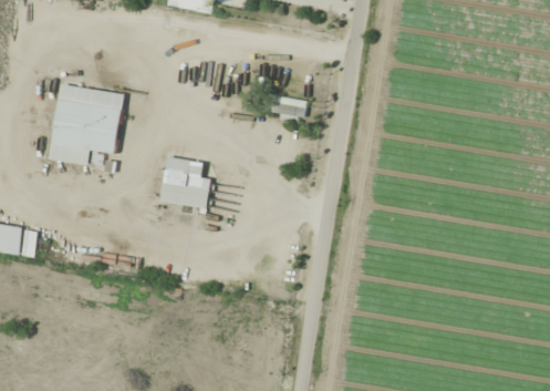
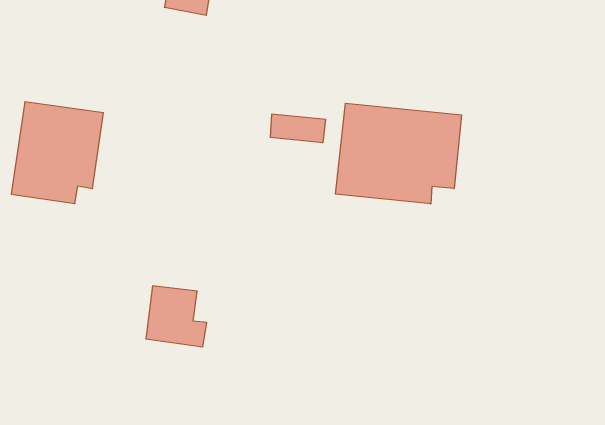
building: none -> [335,103,461,204]
building: [160,157,210,207] -> [146,286,207,347]

